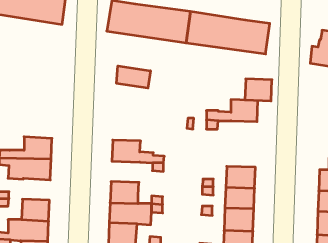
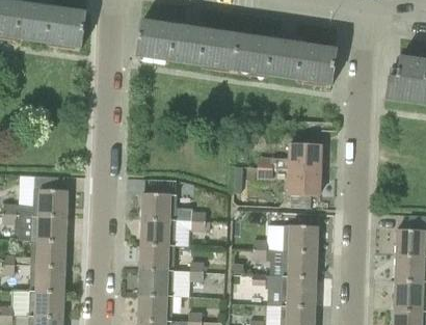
building: [117,66,150,88] -> none
building: [245,79,272,101] -> [287,167,320,194]
building: none -> [140,217,176,243]
building: none -> [31,238,65,265]

